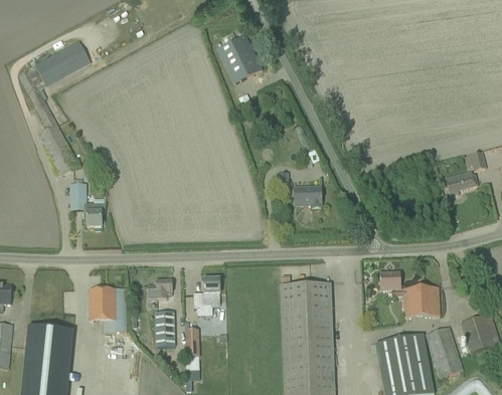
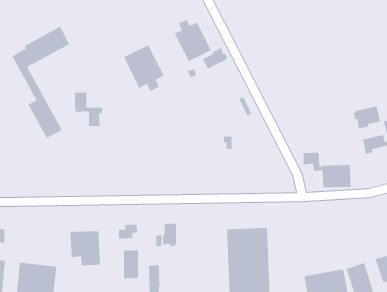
building: none -> [123,44,165,92]
building: none -> [202,47,228,70]
building: none -> [353,106,381,129]
building: [70,183,106,225] -> [74,92,103,127]
building: [295,185,322,206] -> none
building: [380,270,440,315] -> [303,152,351,188]

